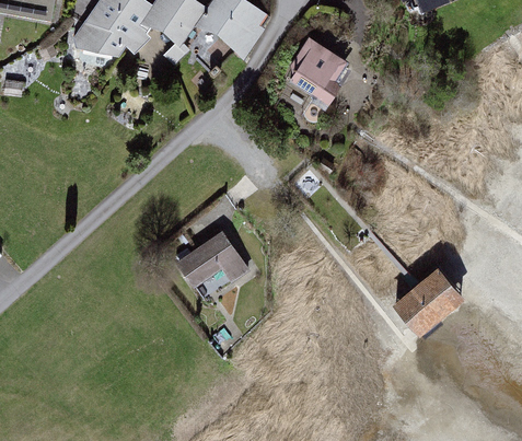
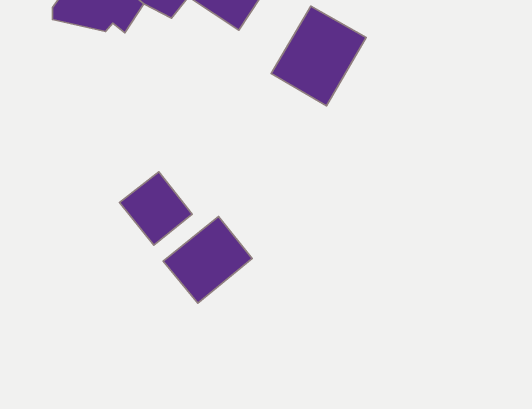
building: none -> [120,172,192,245]
building: [395,265,467,335] -> none

